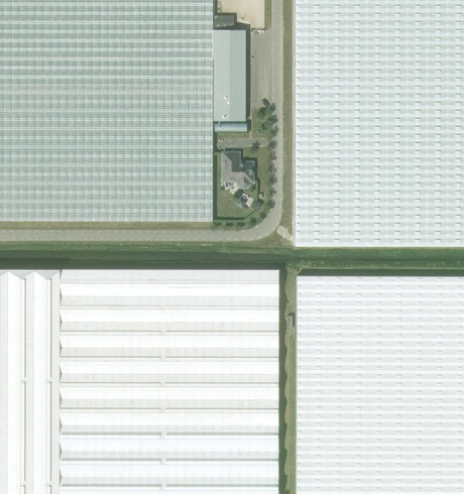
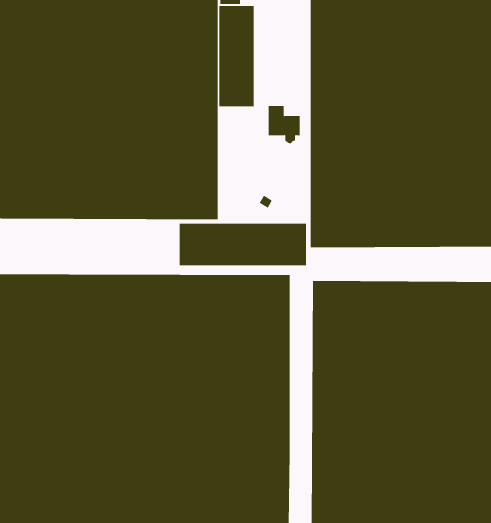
building: [223,153,252,188] -> [268,105,300,144]
building: none -> [179,223,307,266]

